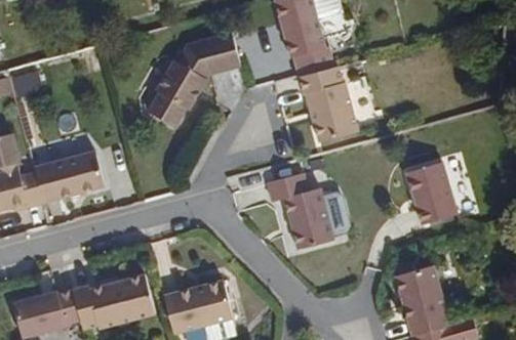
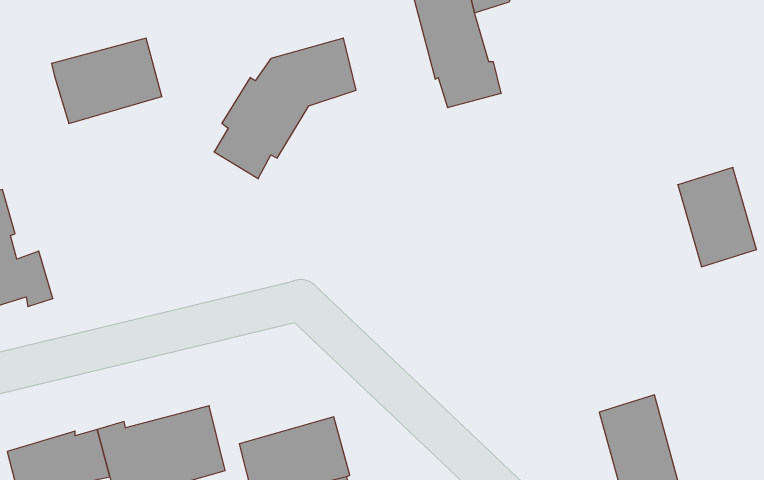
building: [299,69,357,144] -> none
building: [31,147,103,203] -> [51,38,162,123]
building: [408,162,460,226] -> [678,167,757,267]
building: [268,173,335,252] -> none

